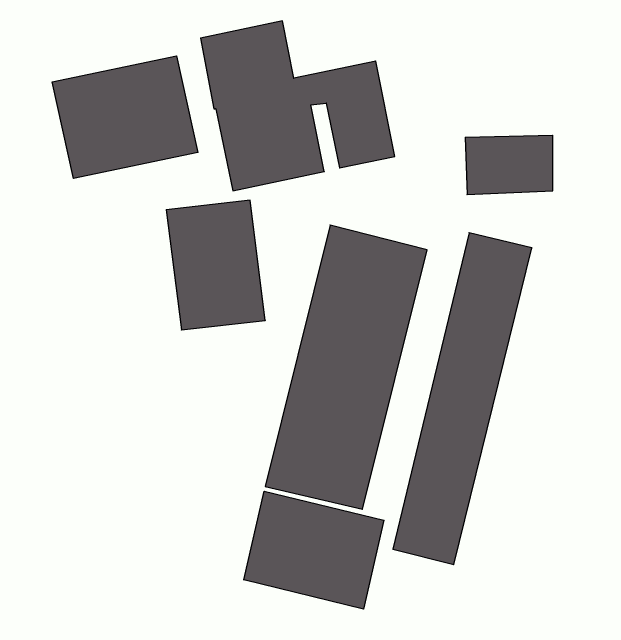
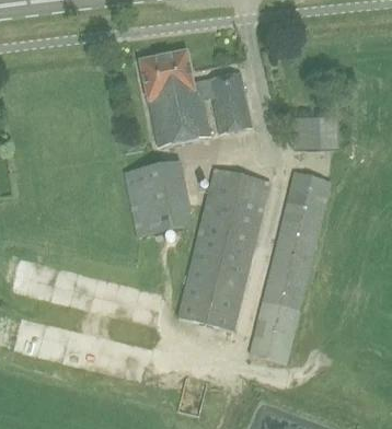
building: [52,56,198,178] -> none
building: [244,491,384,609] -> none

